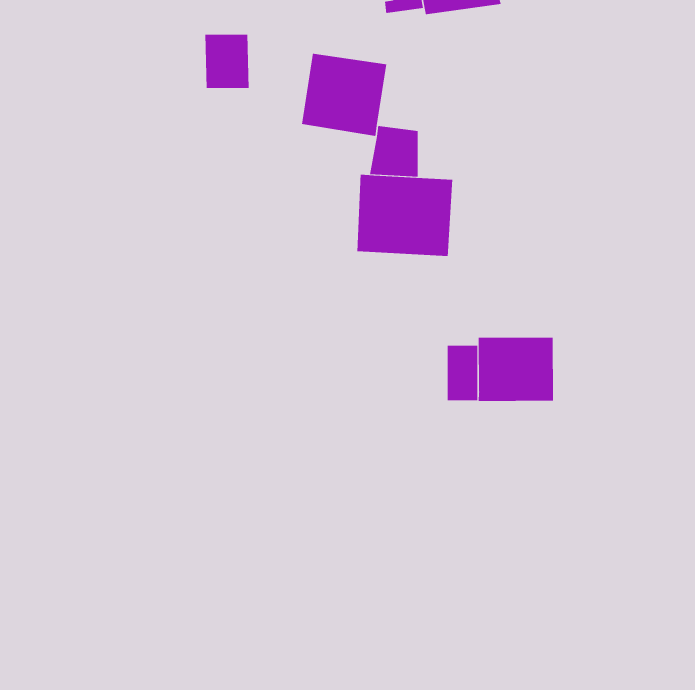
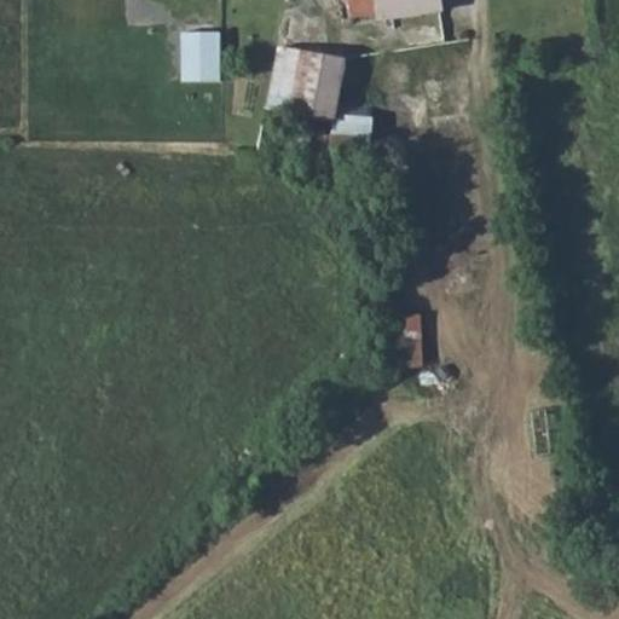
building: [357,174,453,257] -> none
building: [478,337,553,402] -> none

